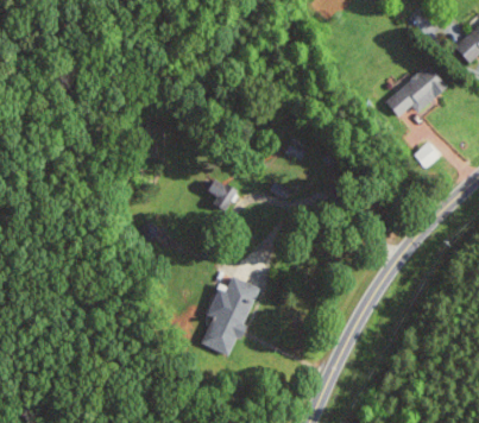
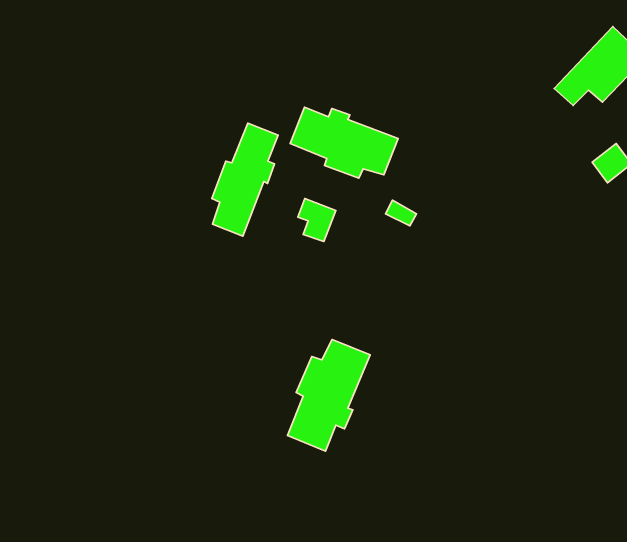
building: none -> [290,107,398,178]
building: none -> [212,123,278,236]

